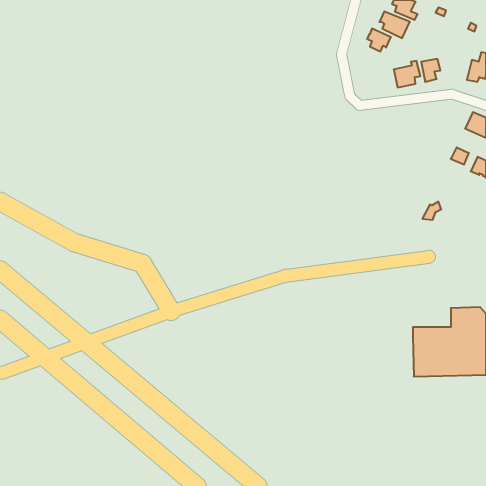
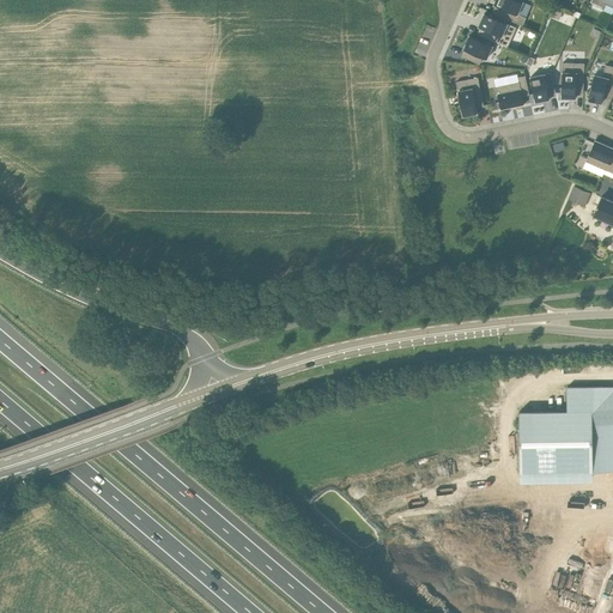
building: none -> [562,63,584,98]
building: none -> [456,78,484,116]

